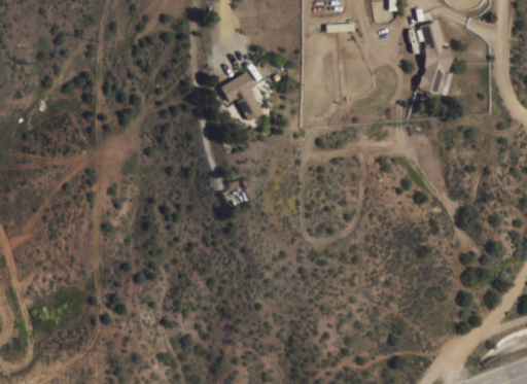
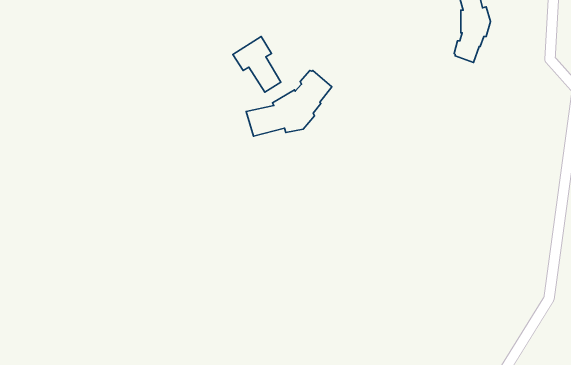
building: none -> [246,71,332,136]

